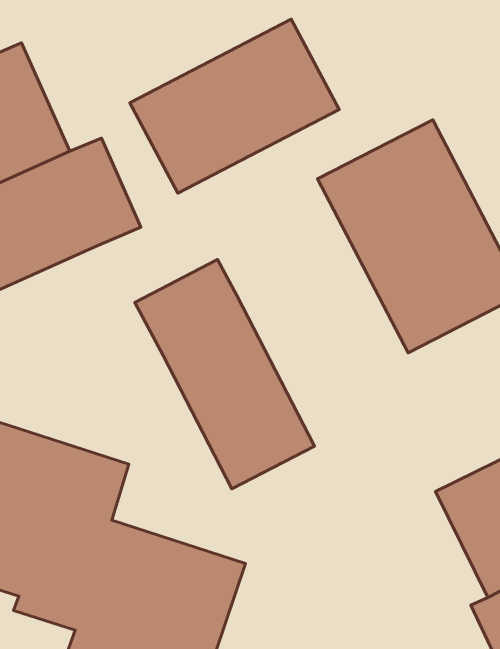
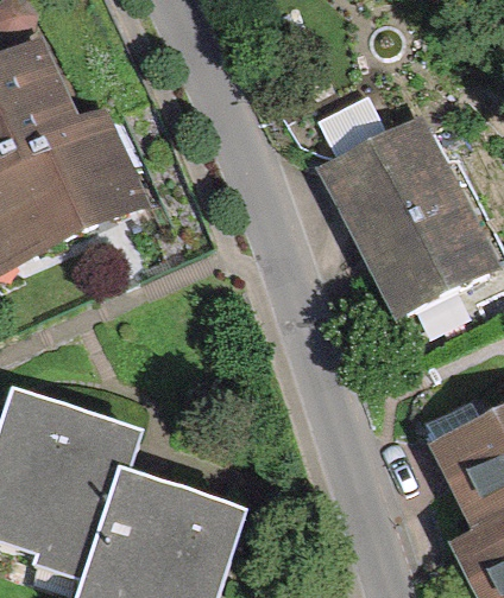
building: [130,19,339,193] -> none
building: [135,259,314,489] -> none

